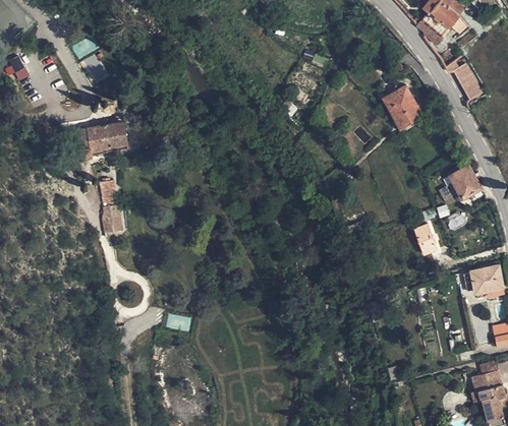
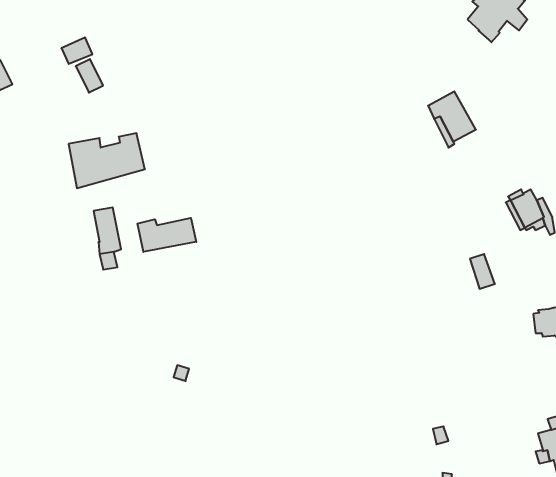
building: [442,59,479,100] -> none
building: none -> [138,218,196,252]

